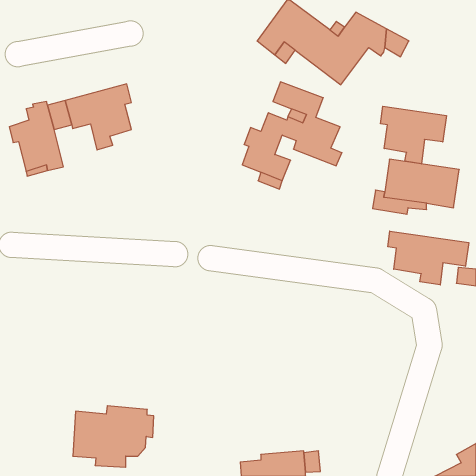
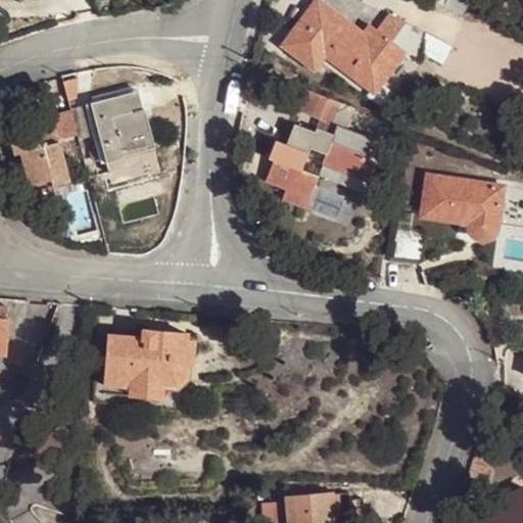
building: none -> [106,112,154,175]
building: [381,106,446,164] -> none
building: [388,231,469,285] -> none
building: [73,406,154,467] -> [105,330,194,397]

